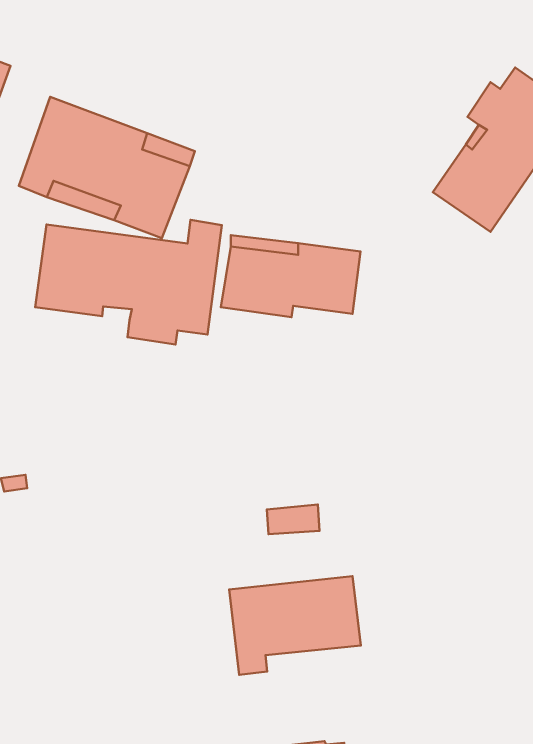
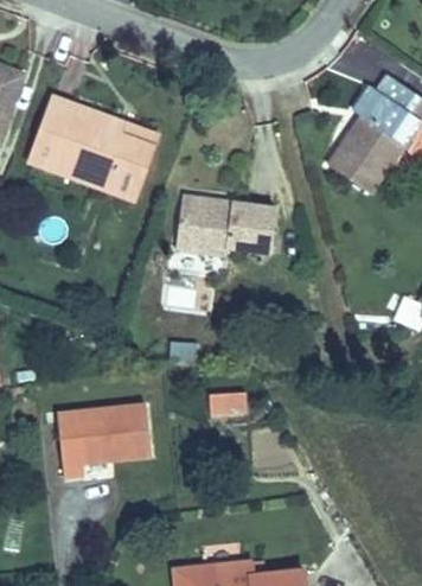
building: [35,220,222,344] -> none
building: [229,576,361,675] -> [56,405,151,476]

